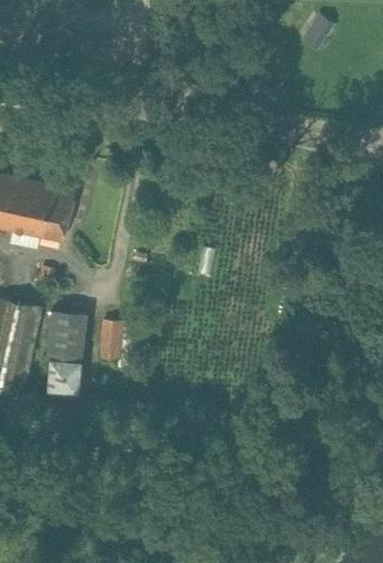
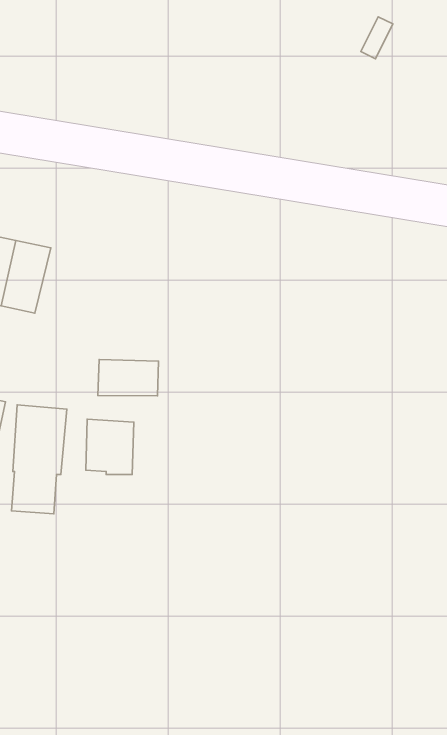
building: none -> [98,360,158,396]

